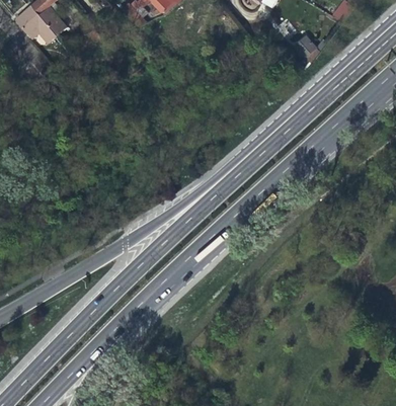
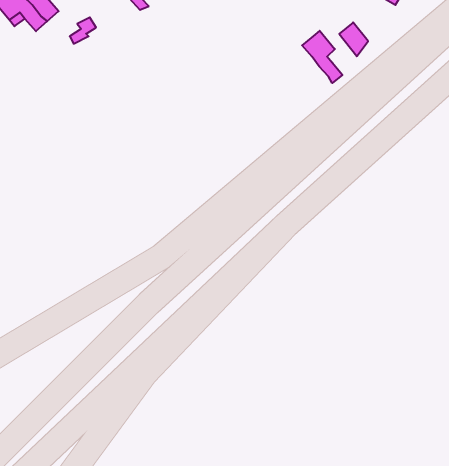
building: none -> [302,31,342,83]

